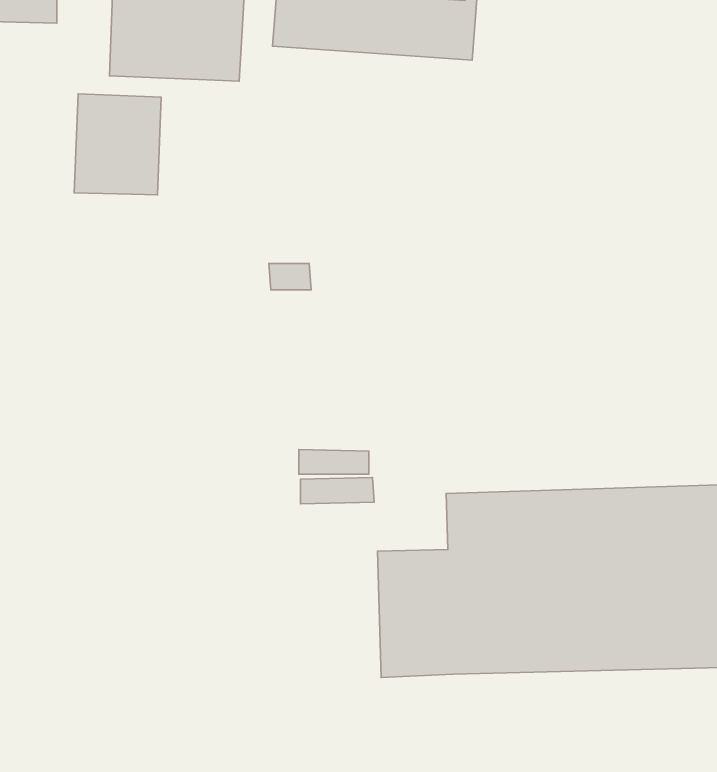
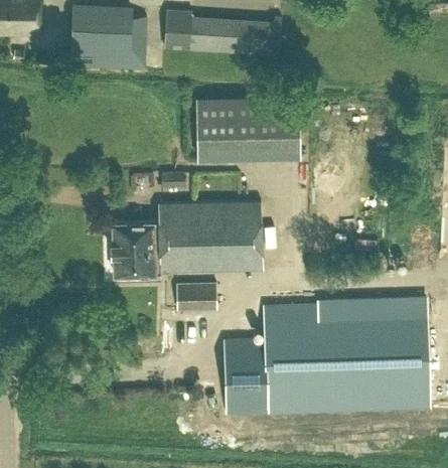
building: [74,94,161,195] -> none
building: none -> [192,97,297,161]
building: none -> [112,201,263,276]

